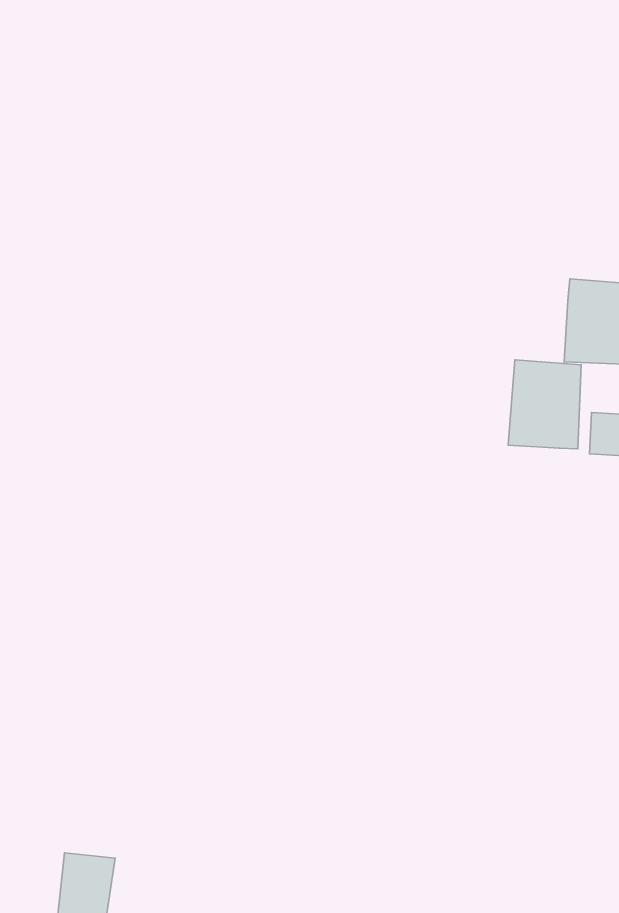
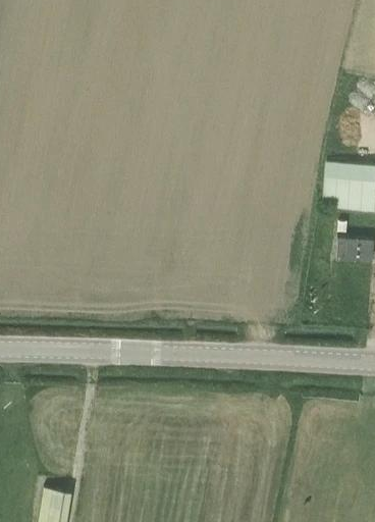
building: [508,360,581,449] -> none

